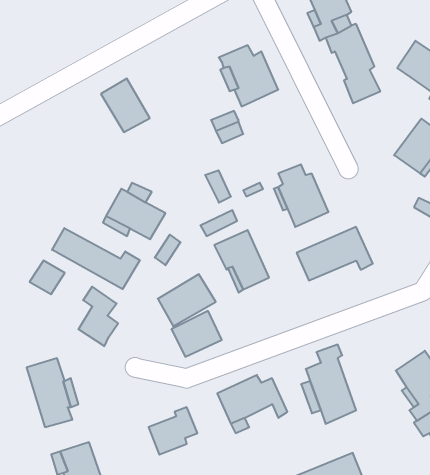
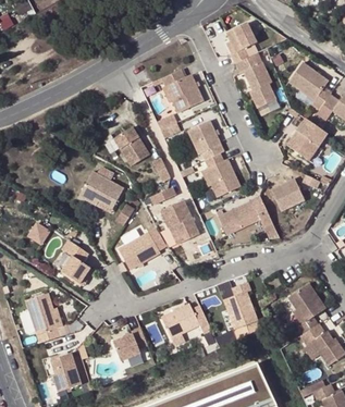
building: [101,79,150,132] -> [115,124,150,162]
building: none -> [189,120,224,159]
building: none -> [271,178,304,210]
building: [52,228,140,289] -> none

